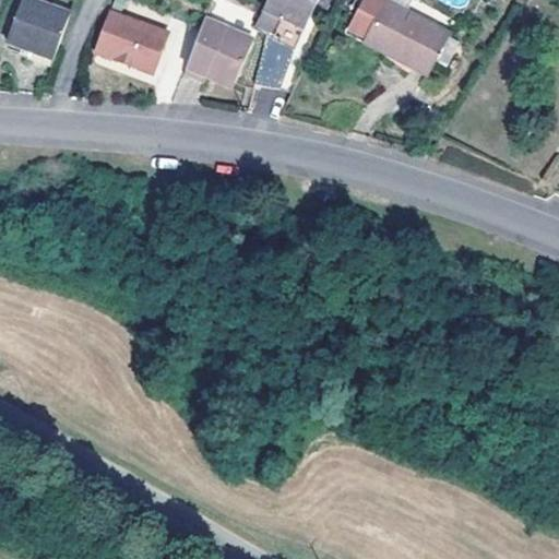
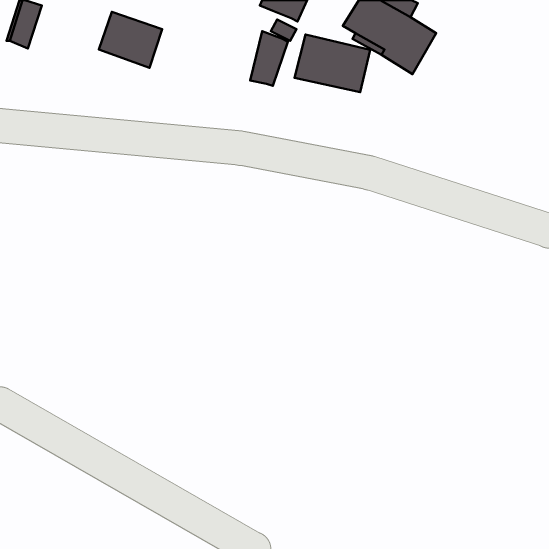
building: [28,5,68,57] -> none
building: [186,16,251,80] -> none
building: none -> [295,34,370,92]

